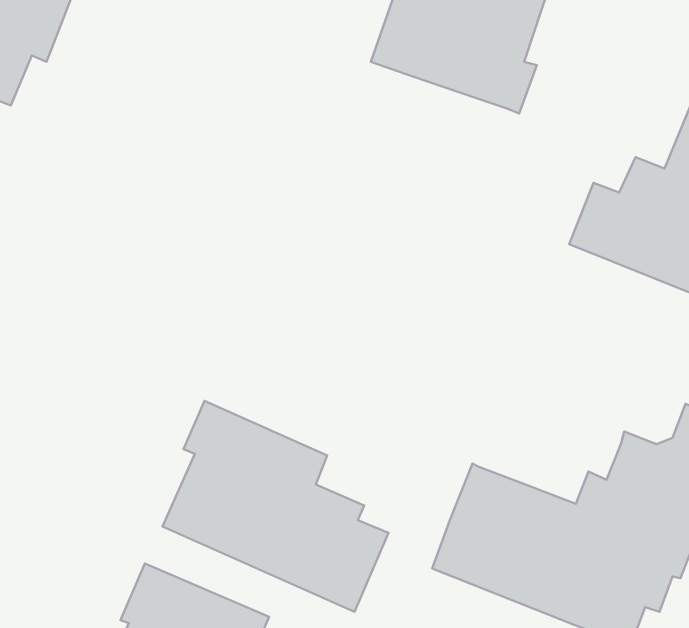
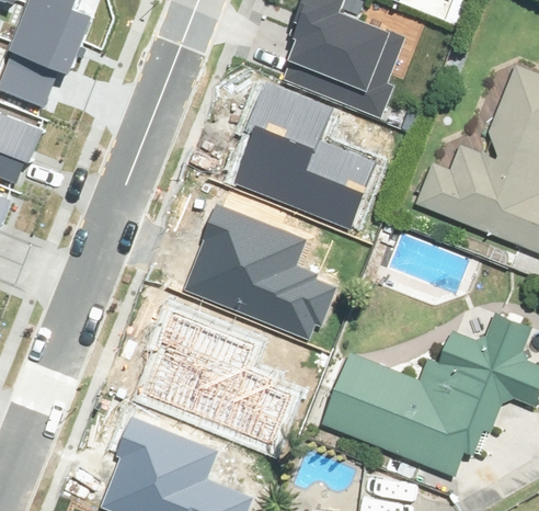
building: none -> [232,82,371,227]
building: none -> [179,204,336,341]

